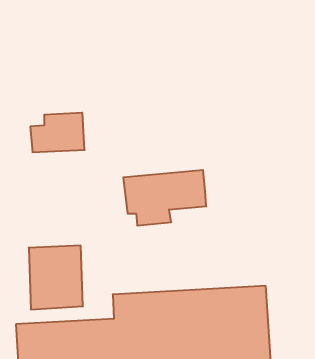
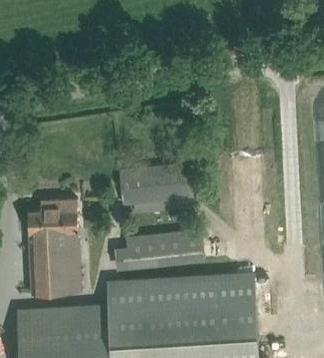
building: [30,113,85,152] -> [27,200,78,237]
building: none -> [125,231,203,271]

